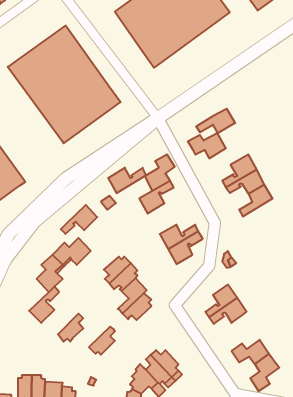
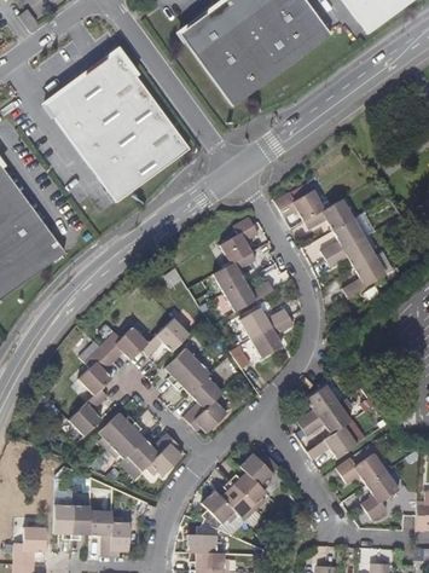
building: [196,109,235,133] -> [303,198,354,230]
building: [108,168,146,193] -> [224,279,273,312]
building: [61,205,97,234] -> [143,317,190,354]
building: none -> [98,415,134,448]
building: none -> [308,424,358,459]
building: none -> [127,432,175,470]
building: none -> [240,451,279,486]

